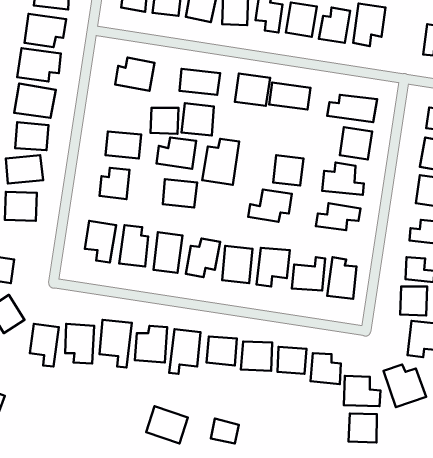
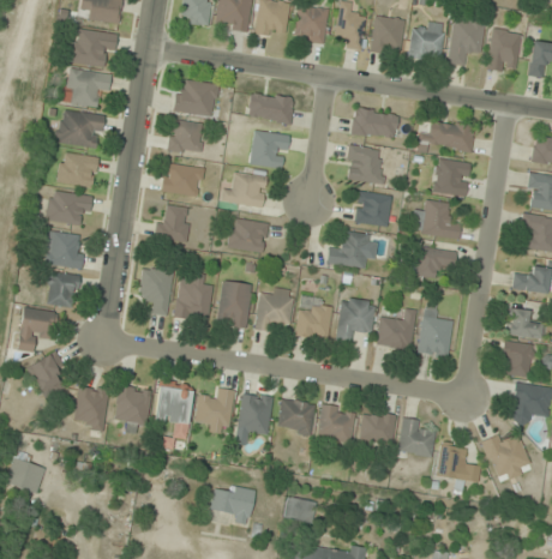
building: none -> [487,29,521,73]
building: [235,74,270,106] -> [344,146,385,184]
building: [150,108,178,134] -> [169,122,202,152]
building: [202,139,239,185] -> none
building: none -> [49,275,78,307]
building: [349,413,377,442] -> none

